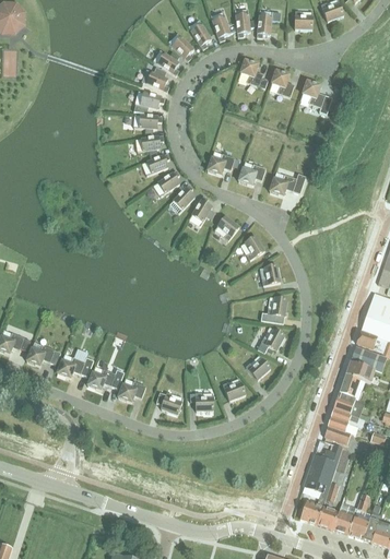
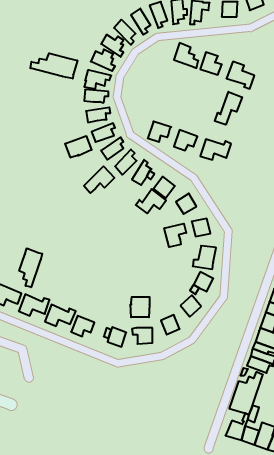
building: none -> [30,53,77,79]
building: none -> [215,92,242,125]
building: none -> [65,136,92,158]
building: none -> [84,166,114,193]
building: none -> [136,189,166,213]
building: none -> [164,224,186,247]
building: none -> [19,248,42,287]
building: none -> [130,297,150,317]

